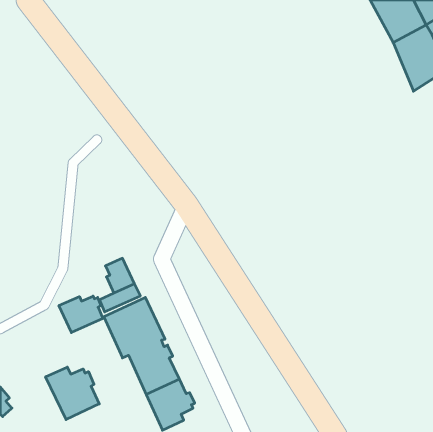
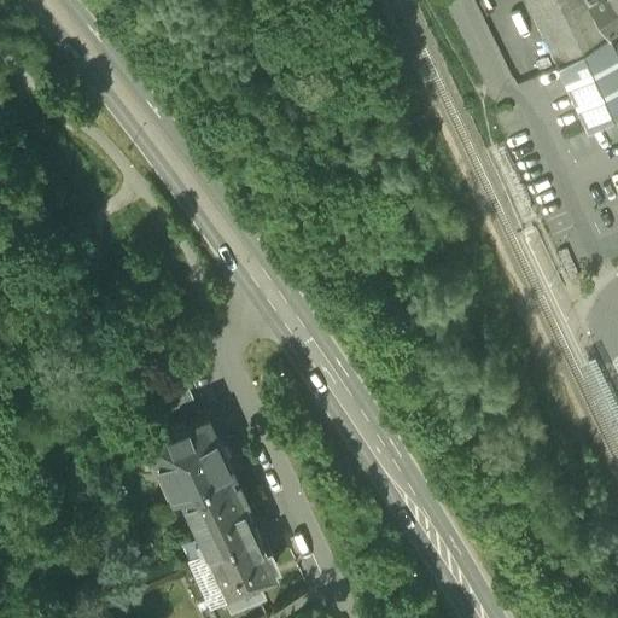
building: [59,296,103,333] -> none
building: [46,367,99,420] -> none

